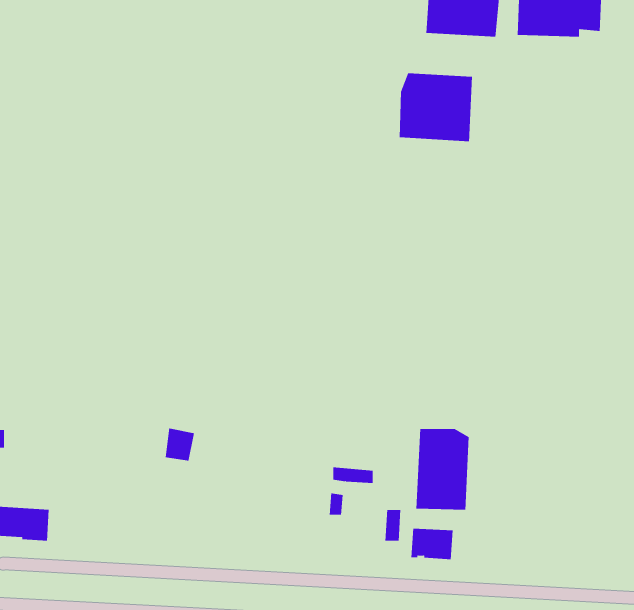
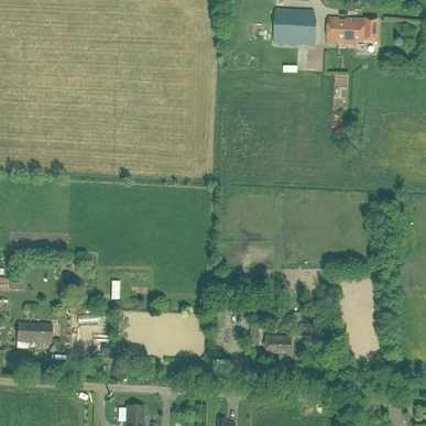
building: [399,73,473,142] -> none
building: [416,428,469,511] -> none

